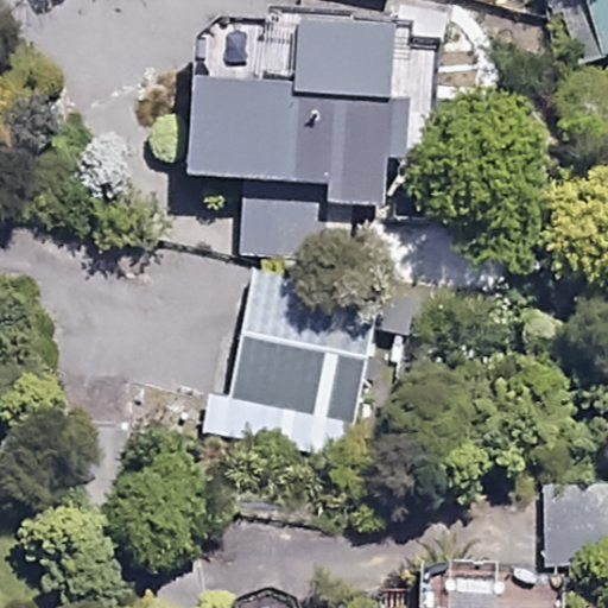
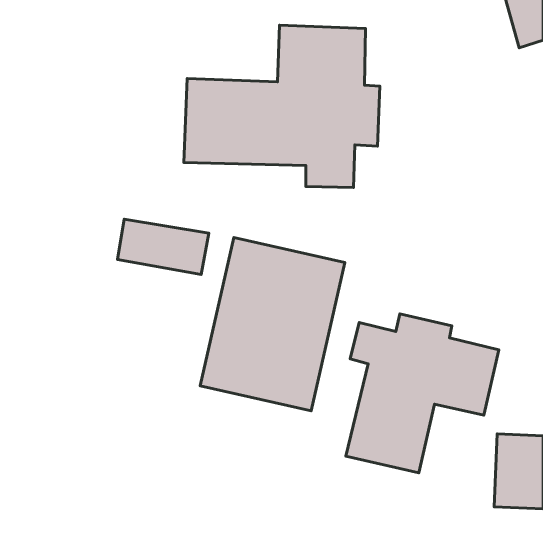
building: none -> [346,314,499,473]

